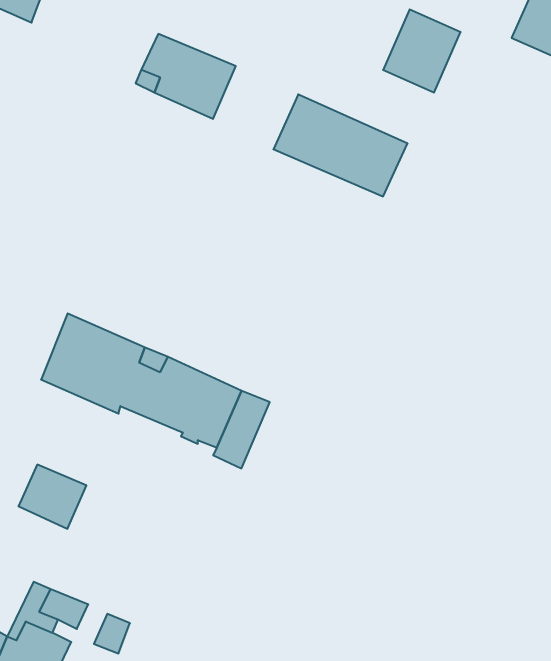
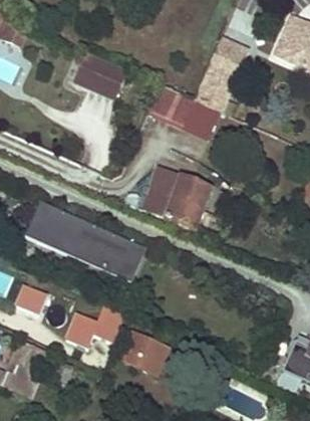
building: none -> [142,165,209,228]
building: none -> [85,303,122,342]
building: none -> [121,329,171,375]

